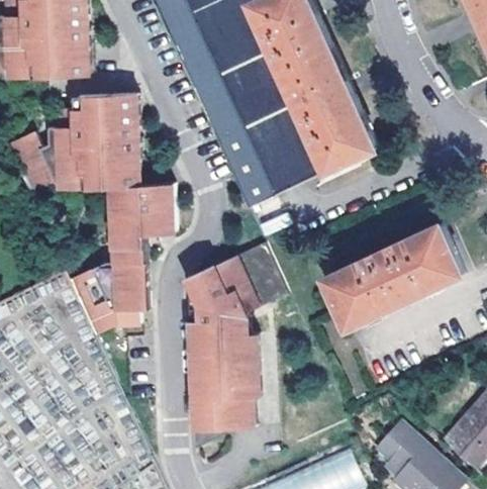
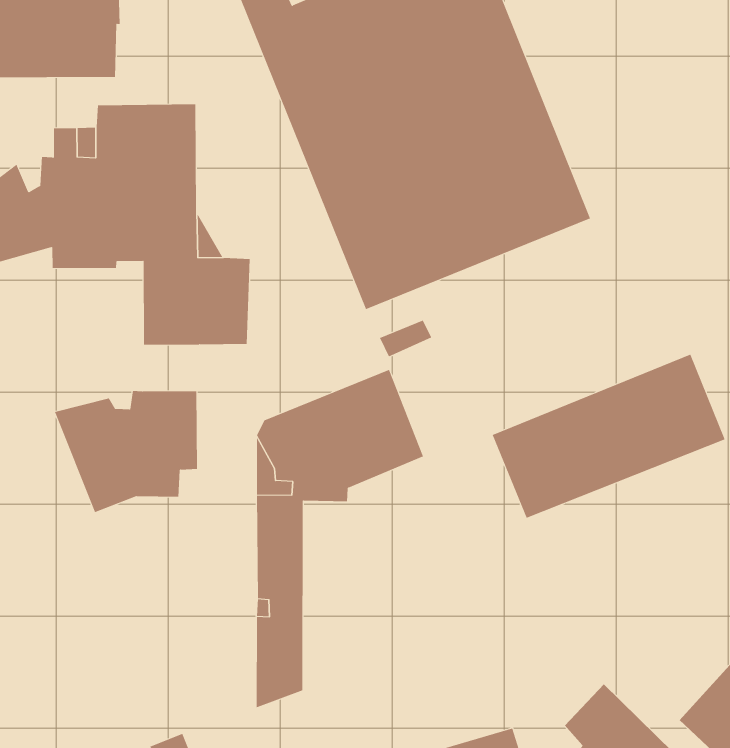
building: [116,233,150,263] -> none
building: [216,321,258,434] -> none

